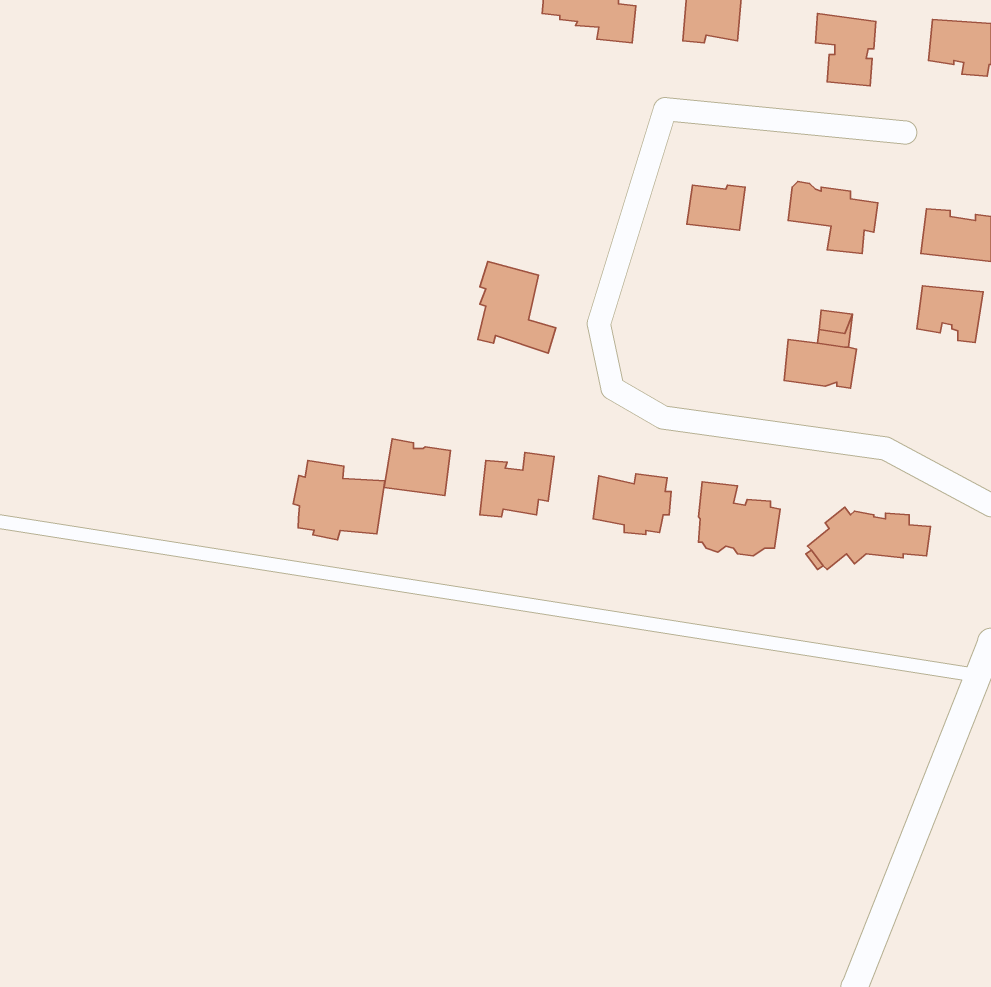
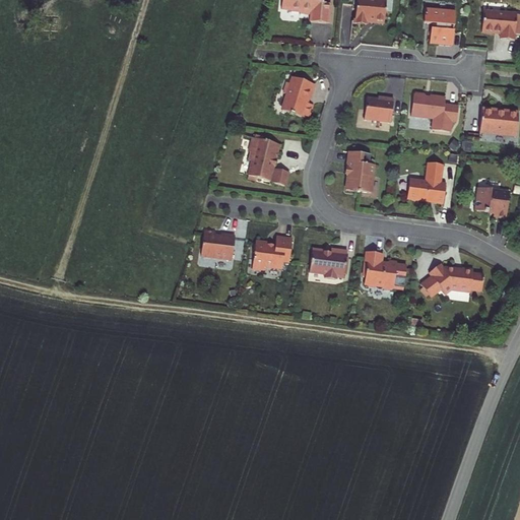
building: none -> [281,75,315,114]
building: [917,286,983,342] -> [476,186,511,215]
building: none -> [344,149,375,191]
building: [293,460,385,540] -> none

